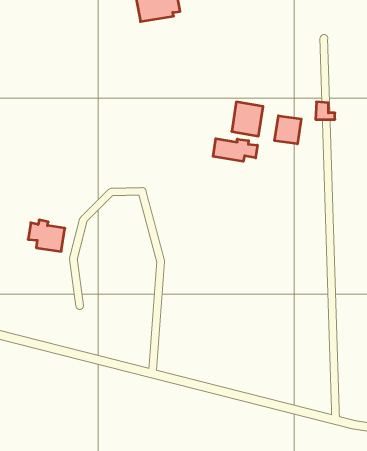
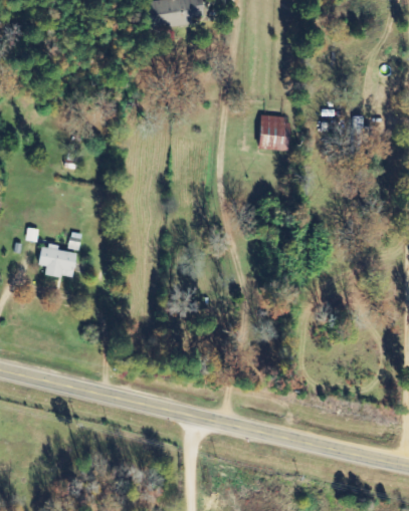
building: [275,116,301,144] -> none
building: [213,139,257,161] -> none

